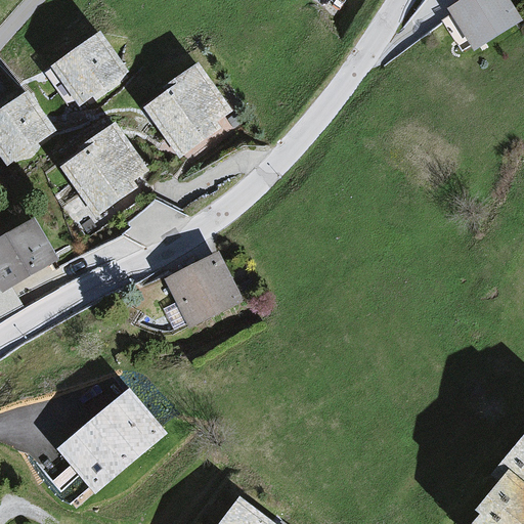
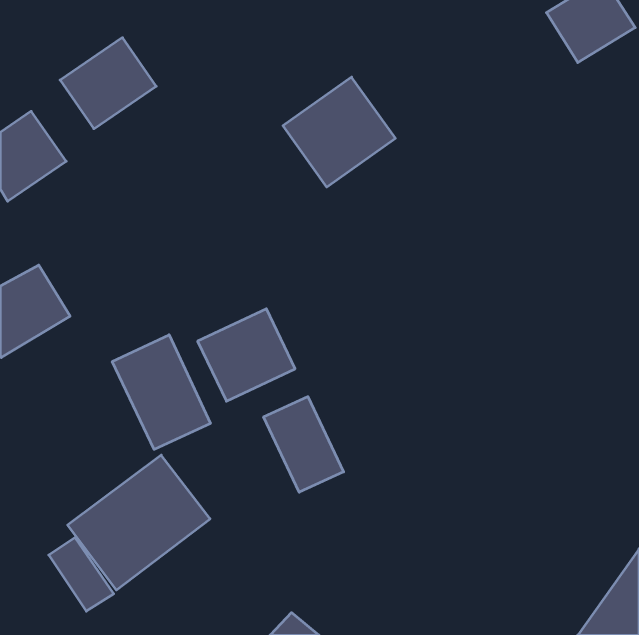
building: [142,69,234,159] -> [283,77,395,187]
building: [59,127,151,216] -> none
building: none -> [112,335,210,449]
building: none -> [264,397,344,492]

